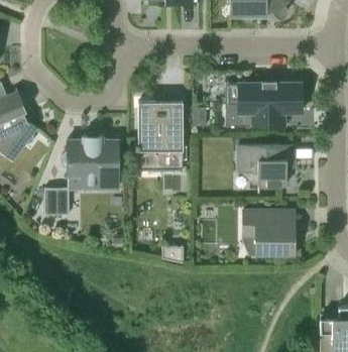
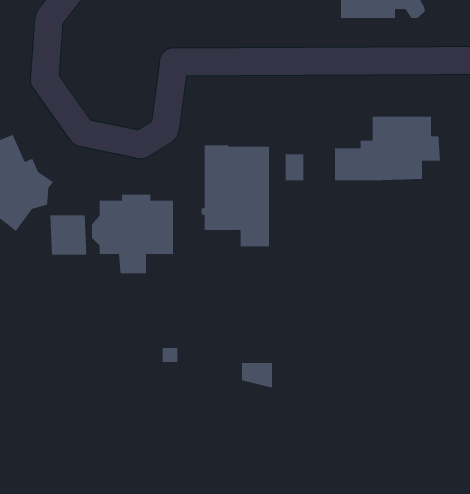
building: [238,145,295,193] -> none
building: [44,188,70,215] -> [50,215,87,255]
building: [243,210,295,254] -> none

